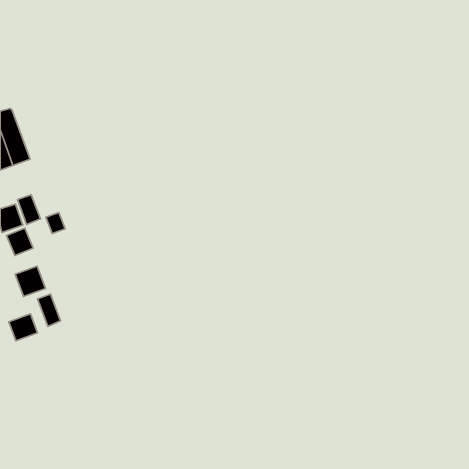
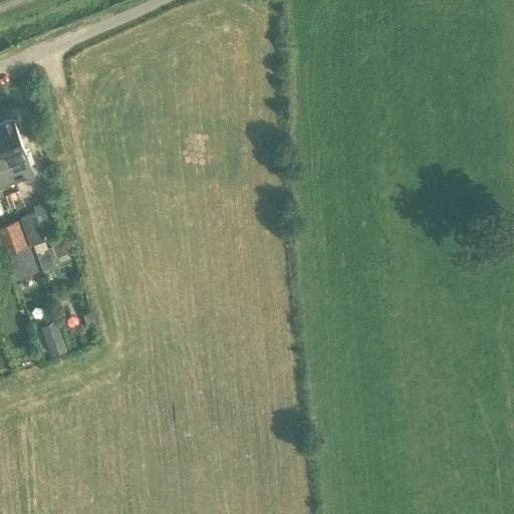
building: [15,266,46,296] -> none
building: [9,314,38,341] -> none

